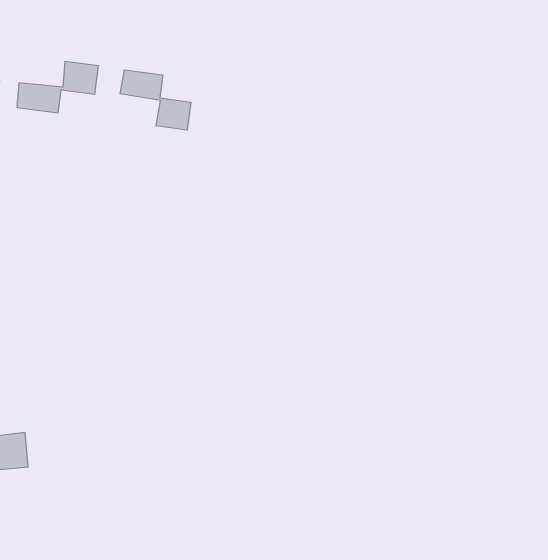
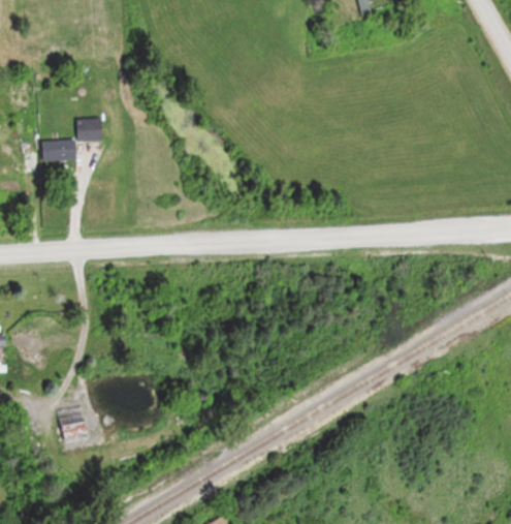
building: [120,70,191,130] -> none

